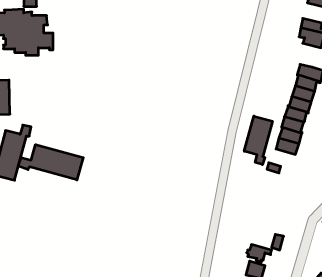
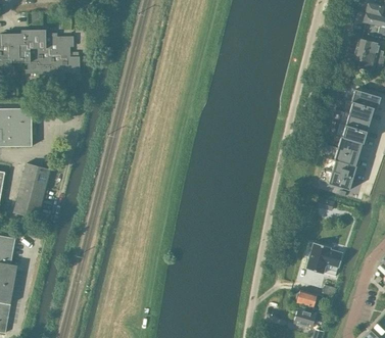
building: [244,116,272,165] -> none
building: [18,145,83,180] -> none
building: none -> [306,243,343,274]

